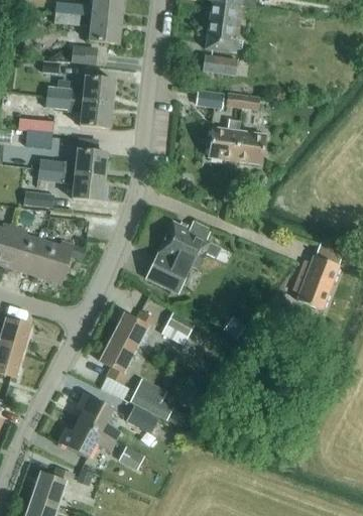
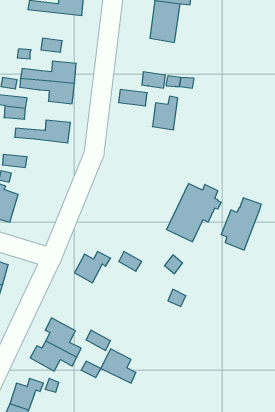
building: [53,12,121,43] -> none
building: [202,54,237,75] -> [119,90,147,106]
building: [234,130,264,163] -> none
building: [37,169,104,201] -> none
building: [145,221,213,292] -> [166,184,221,242]
building: [32,240,85,283] -> none
building: [100,337,134,384] -> none
building: [129,377,172,419] -> [101,349,136,383]

